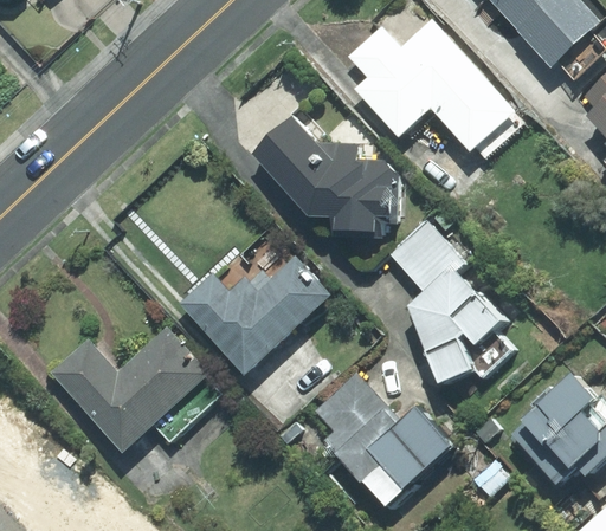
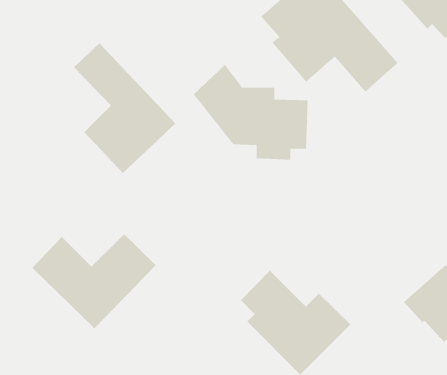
building: none -> [73,42,176,174]
building: [387,216,516,384] -> none
building: [185,255,330,373] -> none

